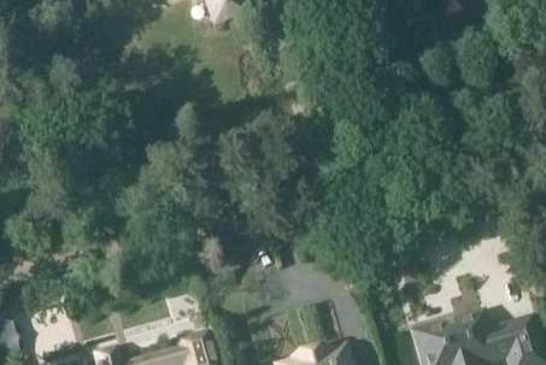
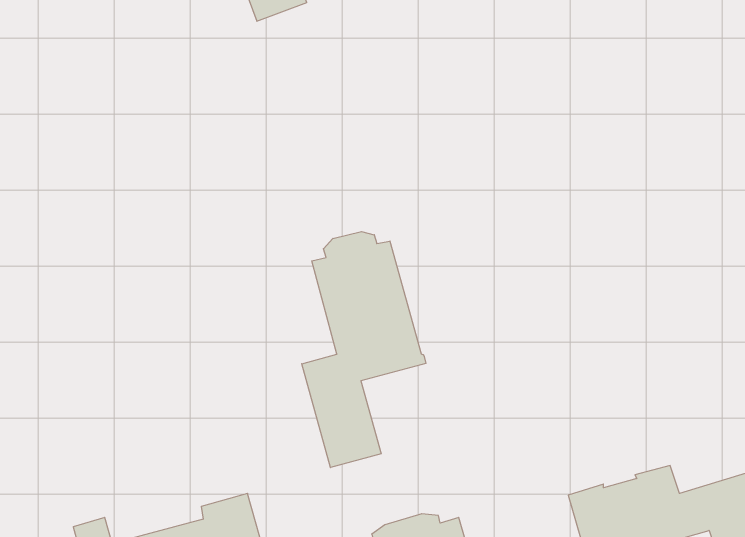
building: none -> [302,232,426,468]

